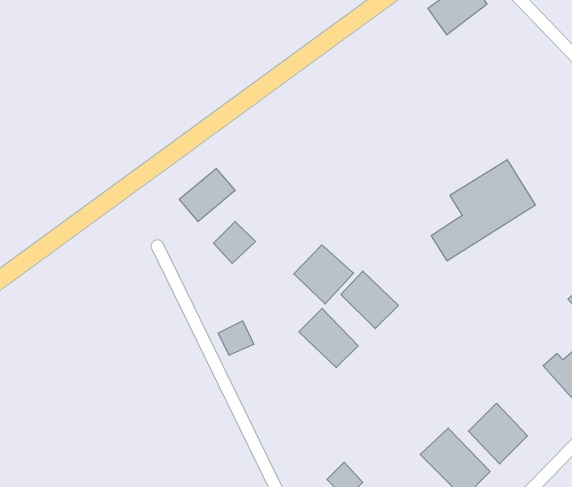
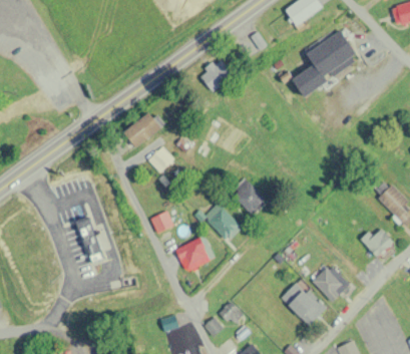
building: none -> [200,59,234,92]
building: [431,160,535,261] -> [294,29,361,94]
building: [294,245,354,304] -> none
building: none -> [176,237,214,272]

